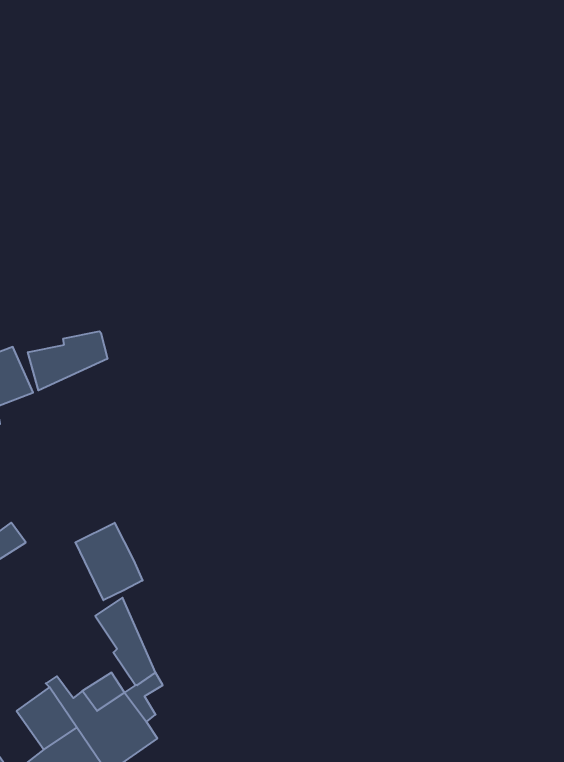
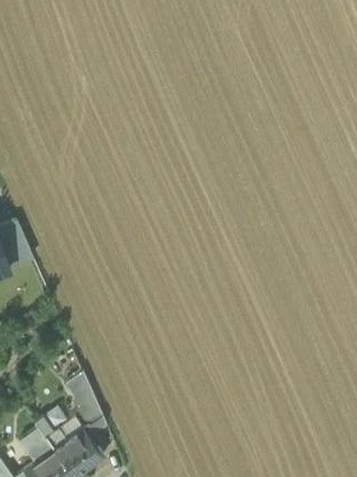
building: [28,331,107,390] -> none
building: [75,523,143,600] -> none

